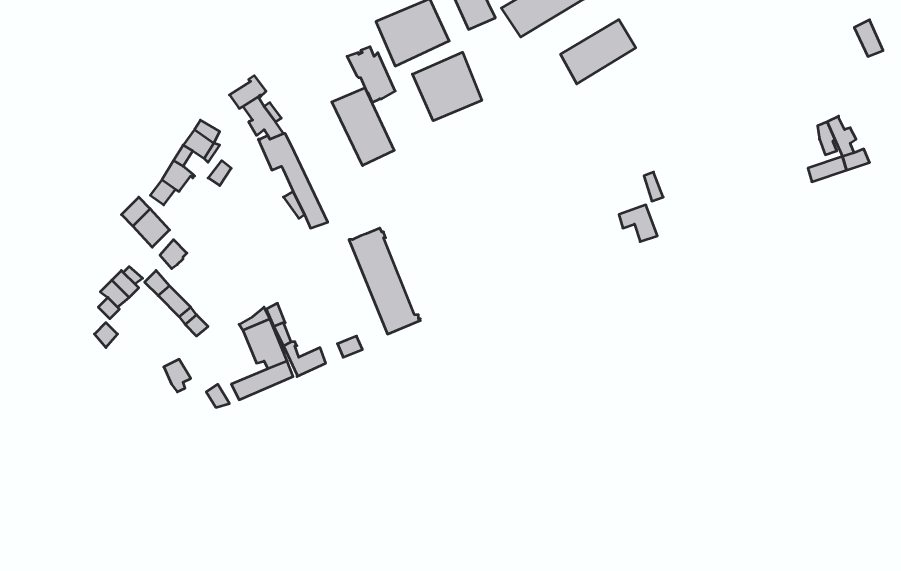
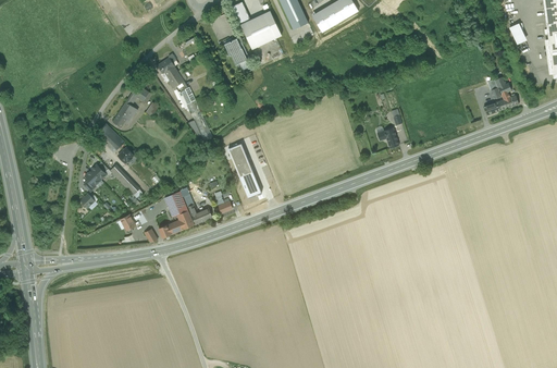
building: [561,20,636,84] -> none
building: [412,52,482,121] -> none
building: [332,88,394,166] -> none

